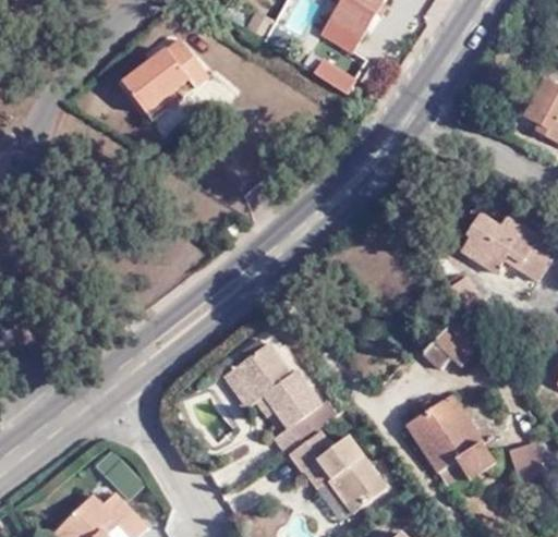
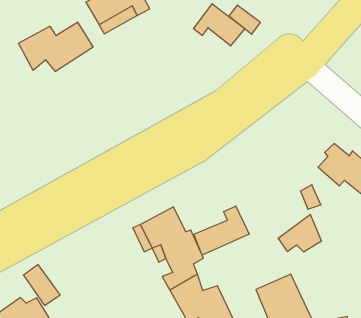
building: none -> [194,4,245,46]
building: none -> [19,22,93,71]
building: none -> [194,206,249,255]

